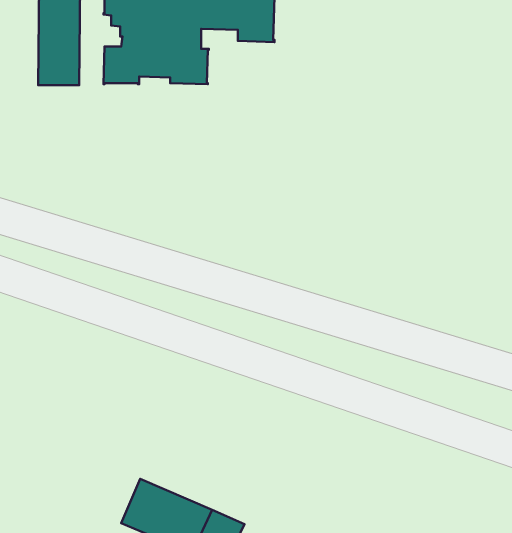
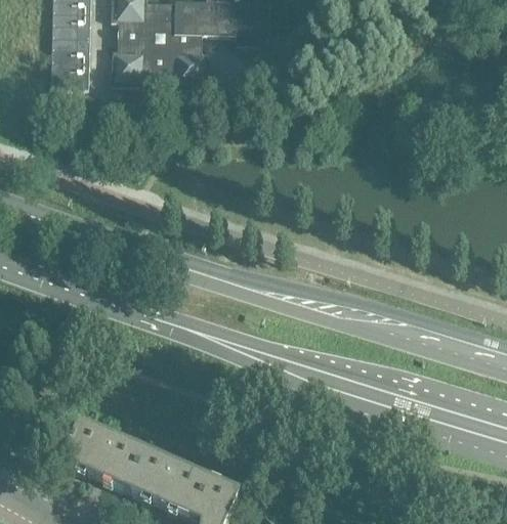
building: none -> [62,413,145,483]

